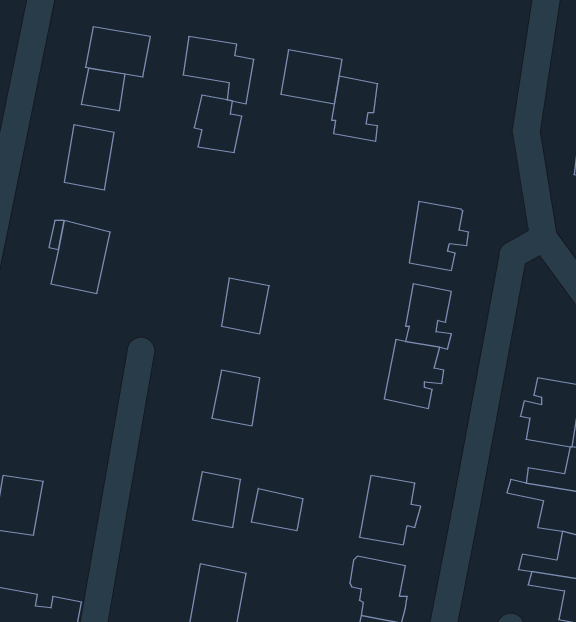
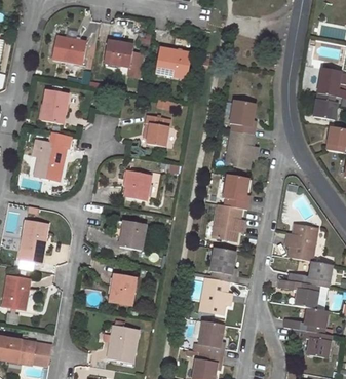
building: [81,68,125,111] -> none
building: [332,76,378,141] -> [230,99,255,134]
building: [194,95,242,153] -> [144,114,169,145]
building: none -> [20,219,47,260]
building: none -> [210,247,236,281]
building: [252,488,303,531] -> none

